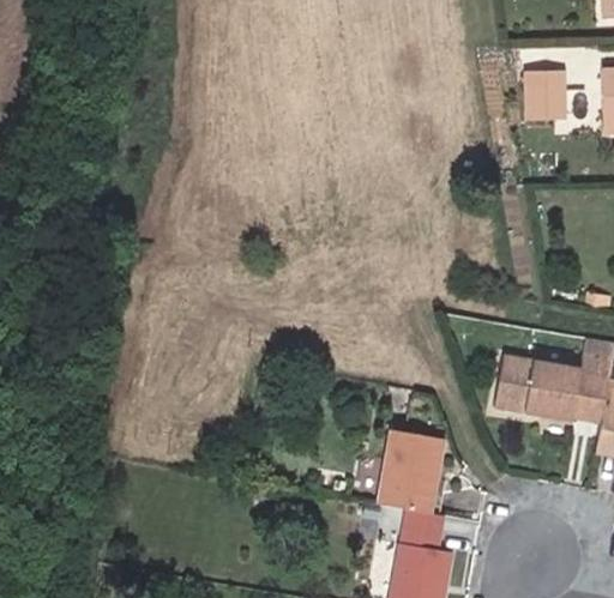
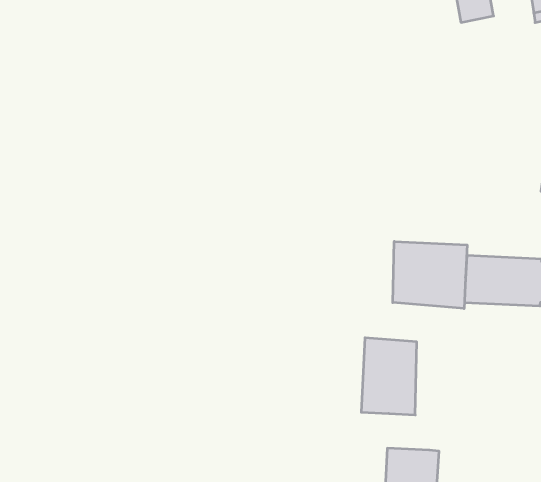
building: none -> [393,241,467,309]
building: [399,507,447,549] -> none

